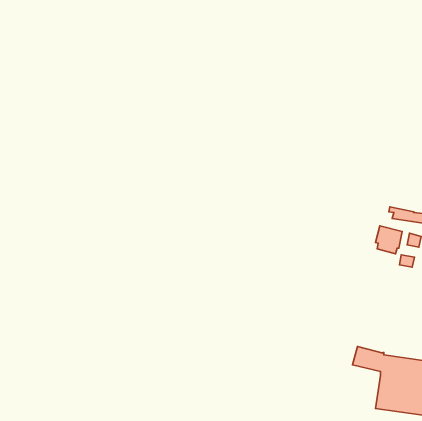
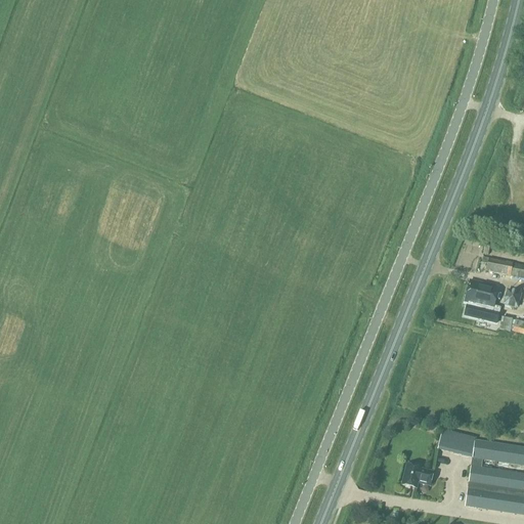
building: none -> [403,465,434,487]

